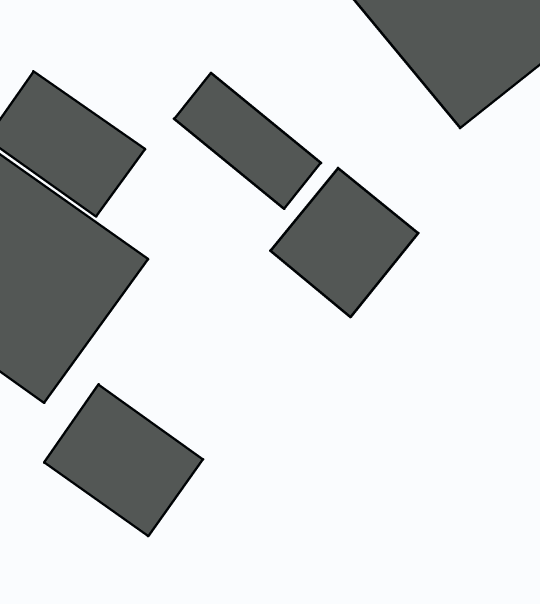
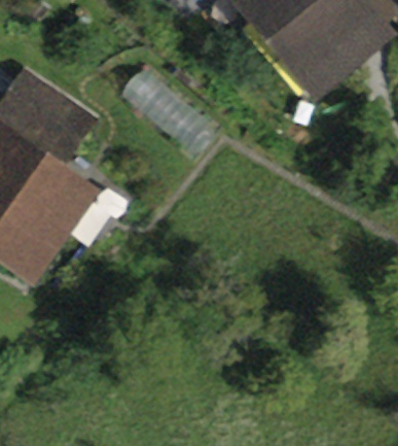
building: [270,168,418,317] -> none
building: [44,384,203,536] -> none

